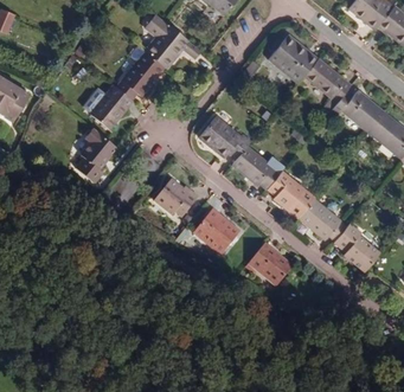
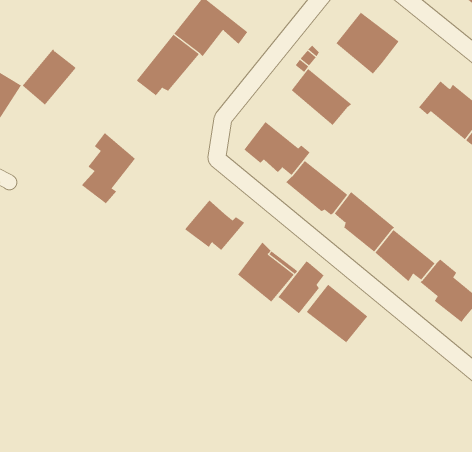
building: [304,58,351,102] -> [291,68,352,126]
building: [92,85,134,129] -> [22,48,77,106]
building: none -> [278,260,324,314]

